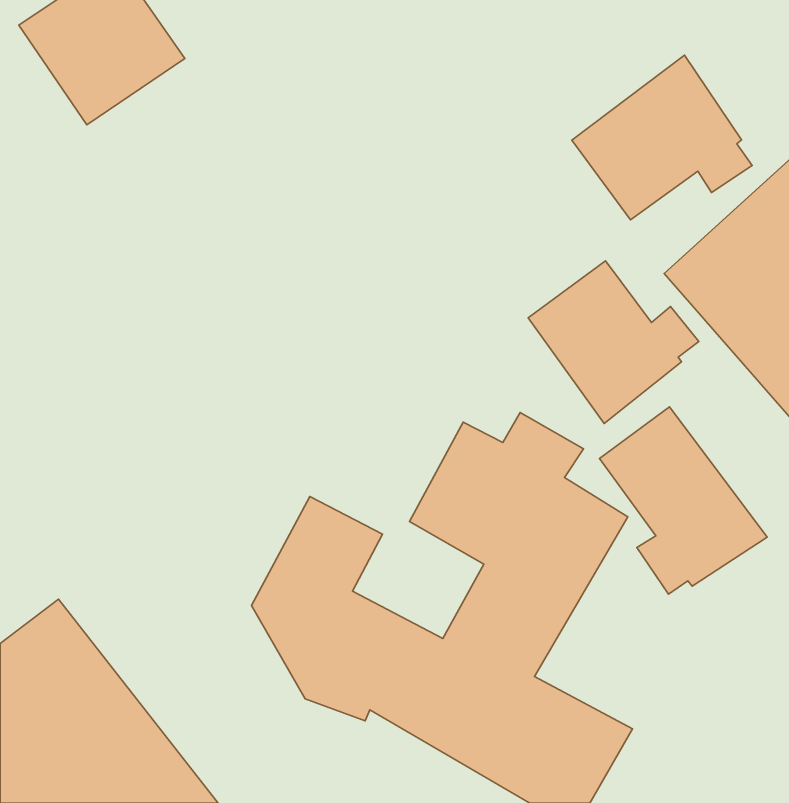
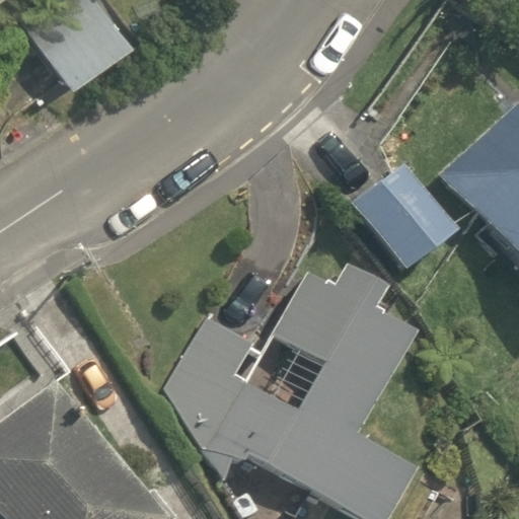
building: [572,55,752,220] -> none
building: [599,407,767,594] -> none

